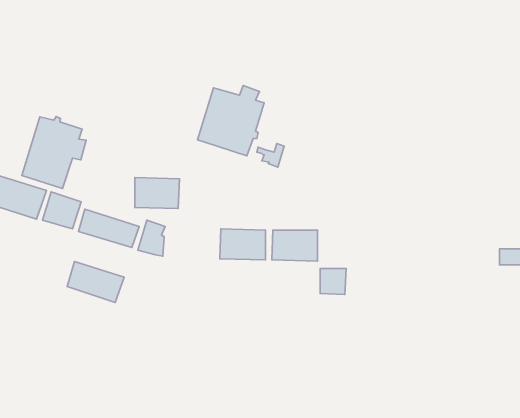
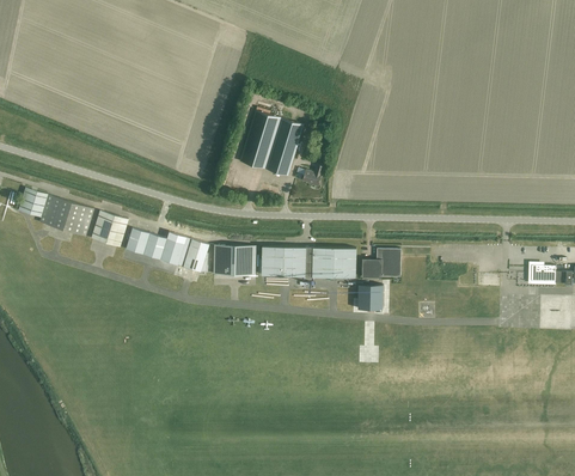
building: [22,116,86,189] -> none
building: [135,178,179,209] -> [213,245,256,275]
building: none -> [361,249,400,277]
building: [67,261,124,303] -> none

